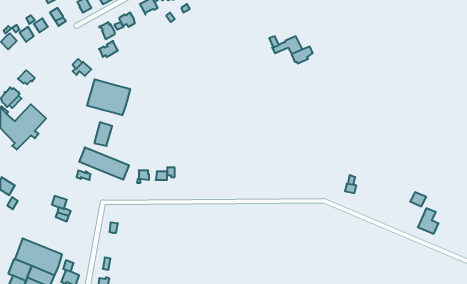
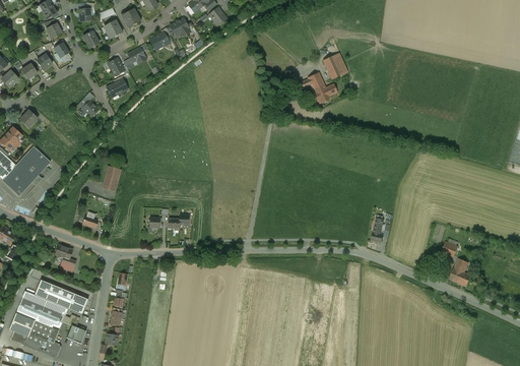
building: none -> [323,53,347,79]
building: [87,79,130,115] -> none
building: [79,147,129,180] -> [35,280,88,314]

